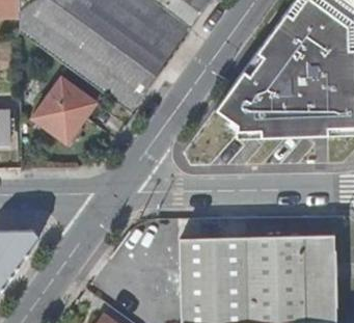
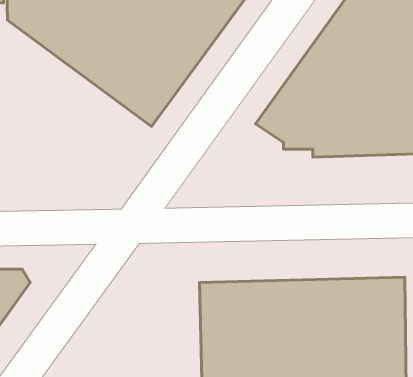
building: [33,78,96,141] -> none

